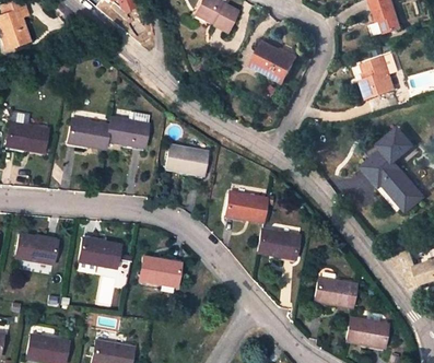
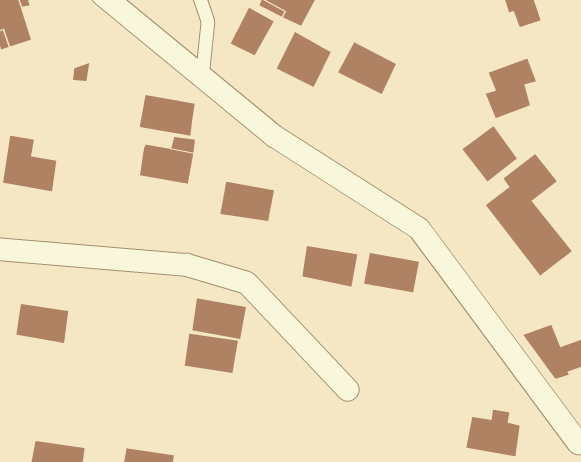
building: none -> [230,7,274,56]
building: none -> [276,31,332,88]
building: none -> [461,125,518,183]
building: [68,118,109,149] -> [139,94,196,136]
building: [258,229,300,258] -> [363,253,420,293]
building: [80,237,120,268] -> [192,298,247,340]
building: [315,278,356,307] -> none

